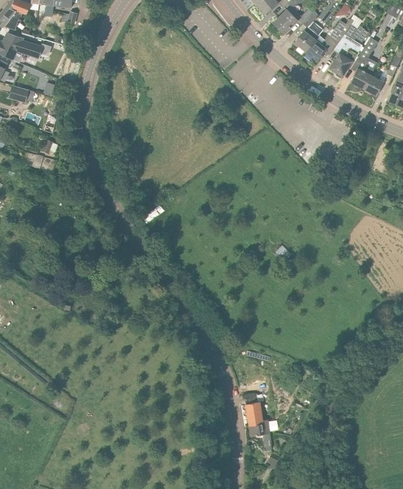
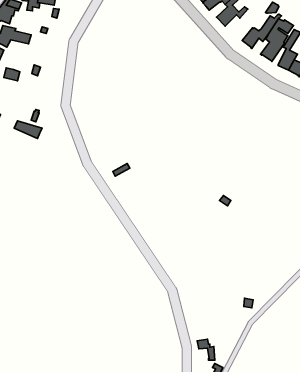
building: [293,11,319,52] -> none
building: [245,394,270,434] -> none

